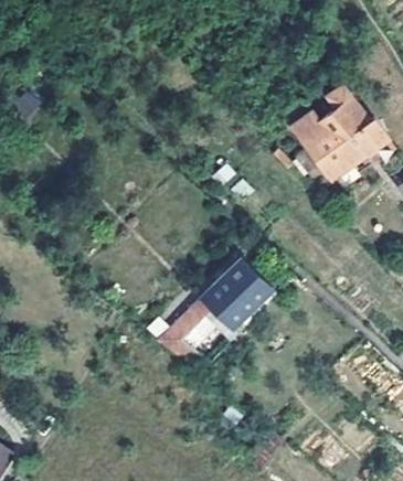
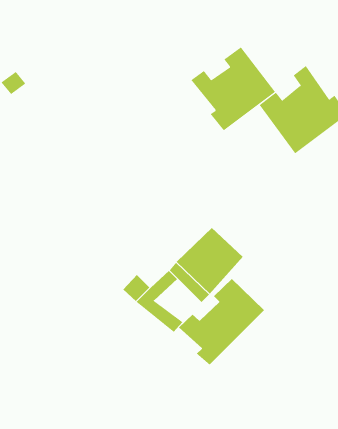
building: none -> [191,47,276,131]
building: none -> [178,278,265,366]

